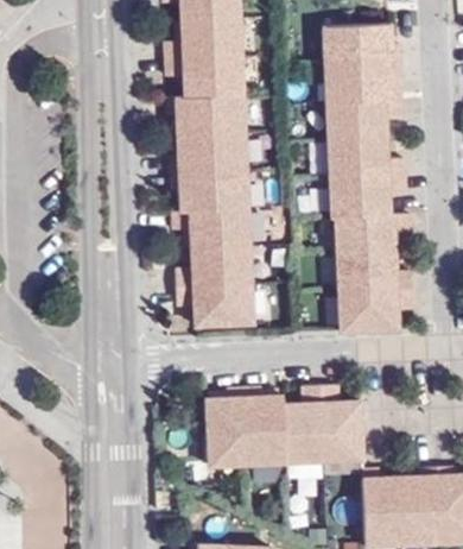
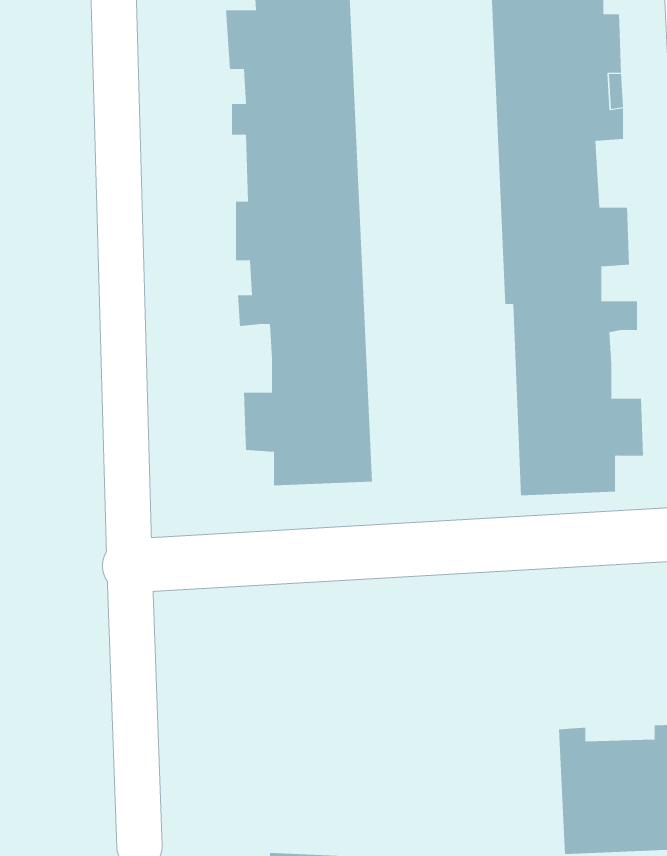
building: [208,385,363,465] -> none

